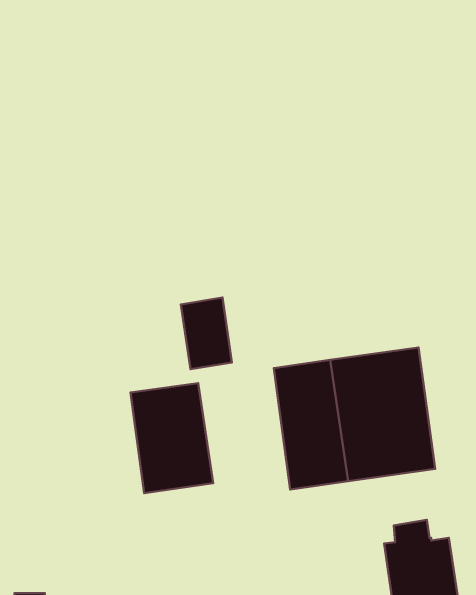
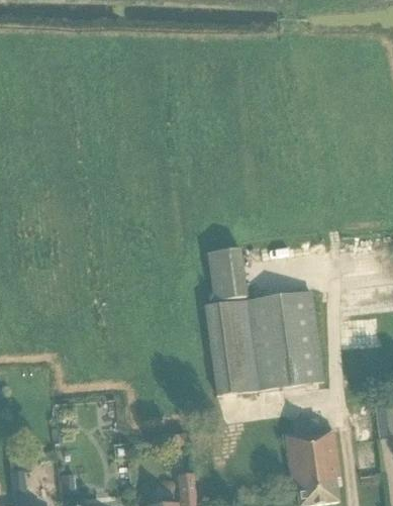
building: [181,298,232,369] -> [208,248,245,301]
building: [131,383,213,493] -> none

